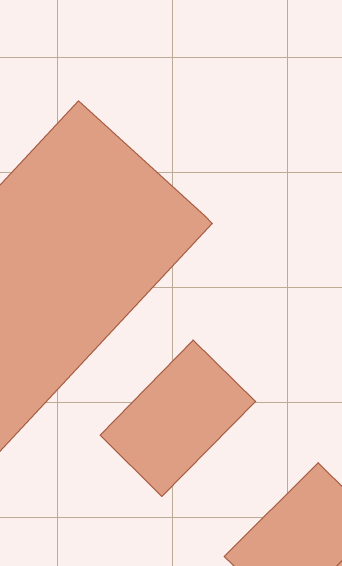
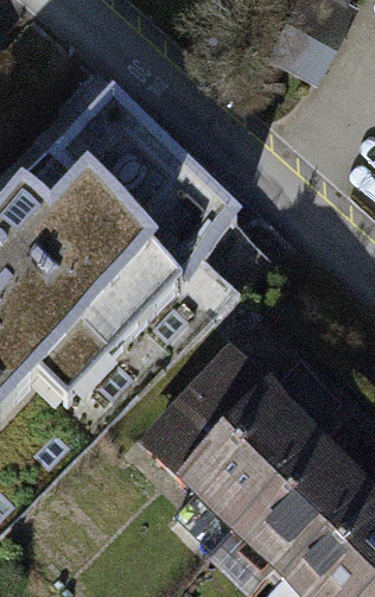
building: none -> [191,404,345,557]

